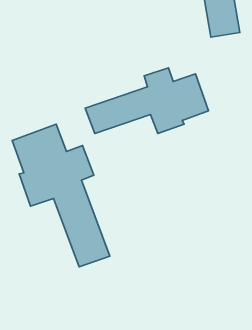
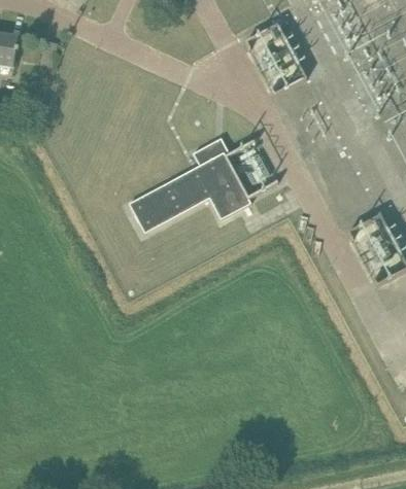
building: [12,124,110,267] -> none

